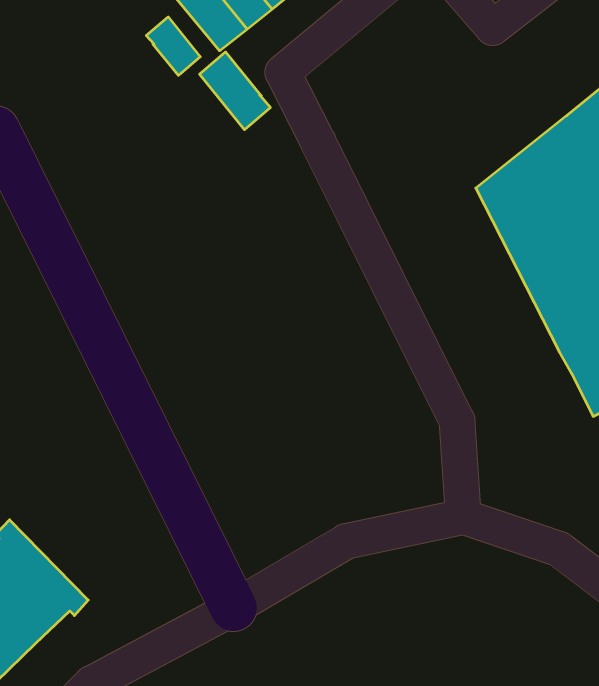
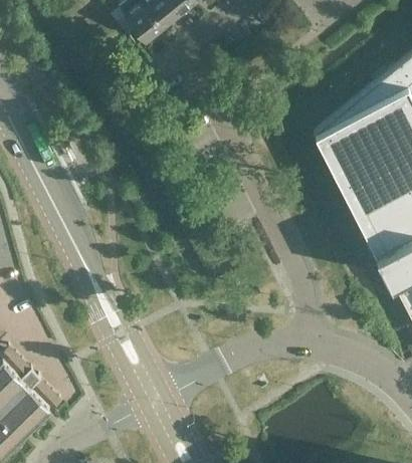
building: [146,17,200,75] -> none
building: [200,52,270,130] -> none

